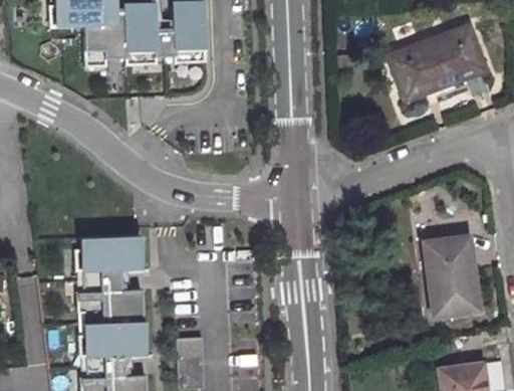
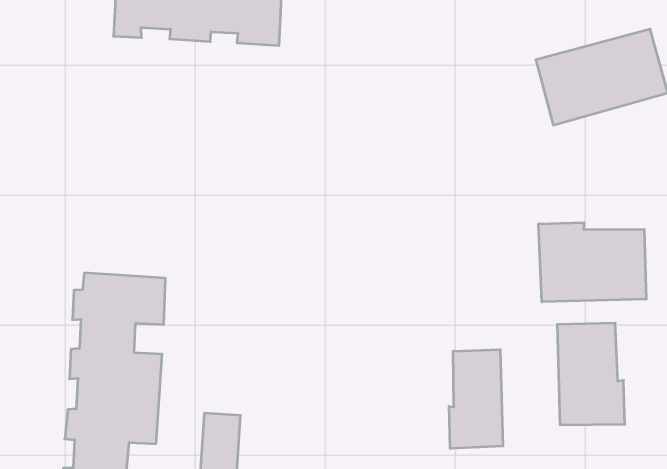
building: none -> [539,223,646,302]
building: none -> [449,350,503,449]

